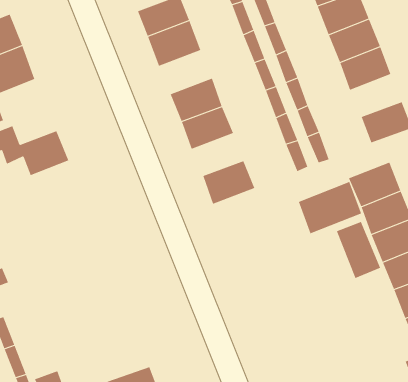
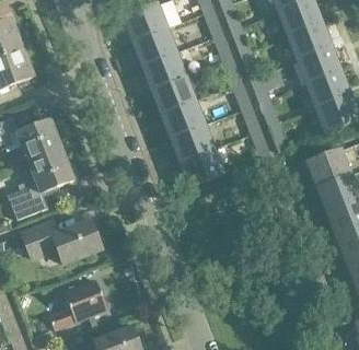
building: none -> [139,51,186,90]
building: none -> [305,72,351,109]
building: none -> [167,124,213,161]
building: none -> [9,148,73,221]
building: [298,181,362,234] -> none
building: [336,221,381,279] -> none
building: none -> [22,220,101,262]
building: none -> [49,279,108,330]

